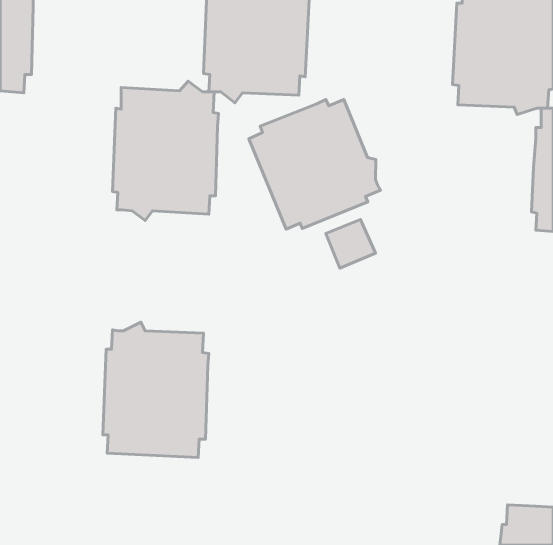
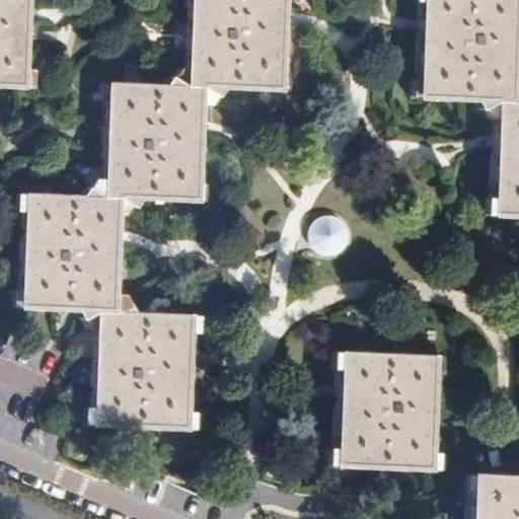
building: [249,99,380,229] -> none
building: none -> [22,188,121,317]
building: none -> [340,352,439,471]

